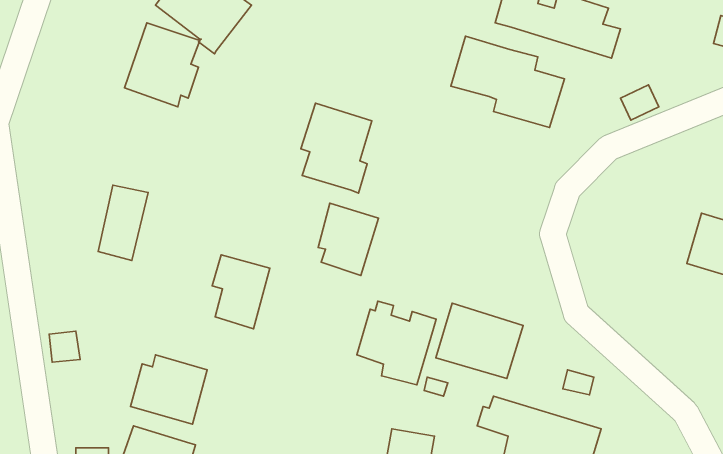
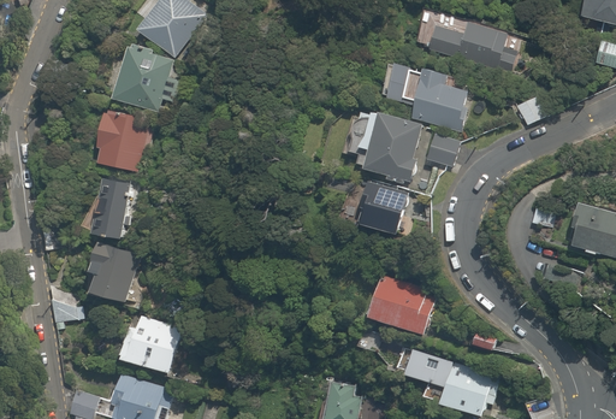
building: none -> [95,108,152,172]
building: [301,103,372,193] -> [361,111,419,184]
building: none -> [427,135,457,167]
building: [318,203,379,276] -> [357,178,407,237]
building: [212,255,270,329] -> [89,242,136,302]
building: [357,301,436,385] -> none

